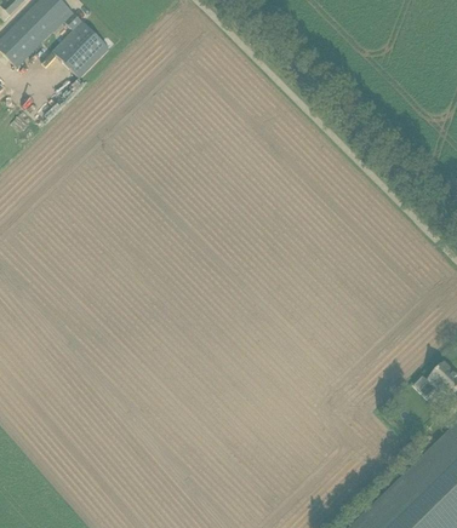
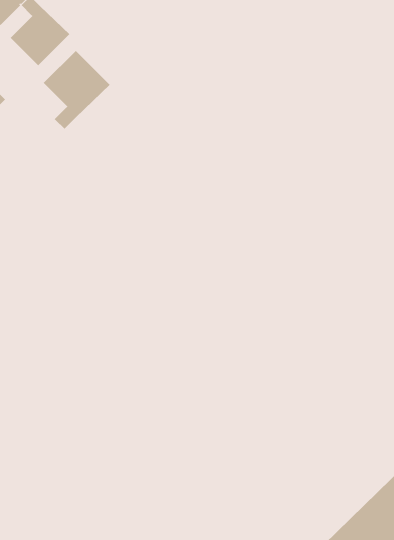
building: none -> [43,50,111,130]

